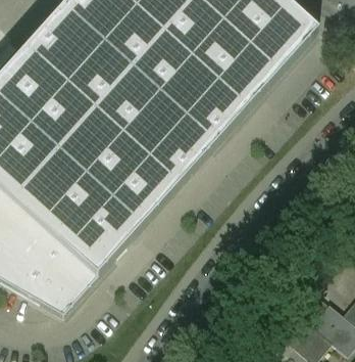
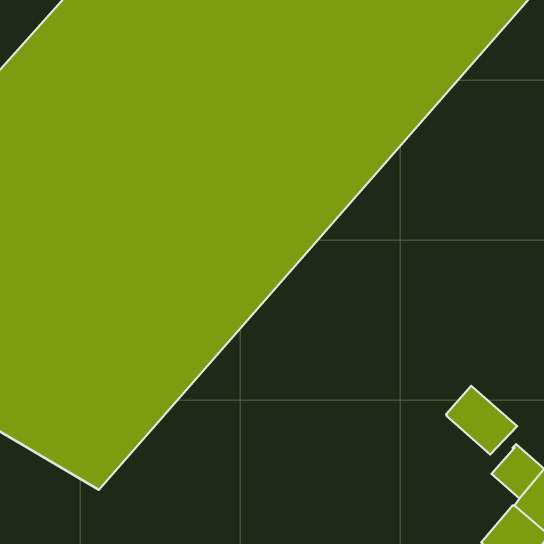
building: none -> [446,386,517,454]

